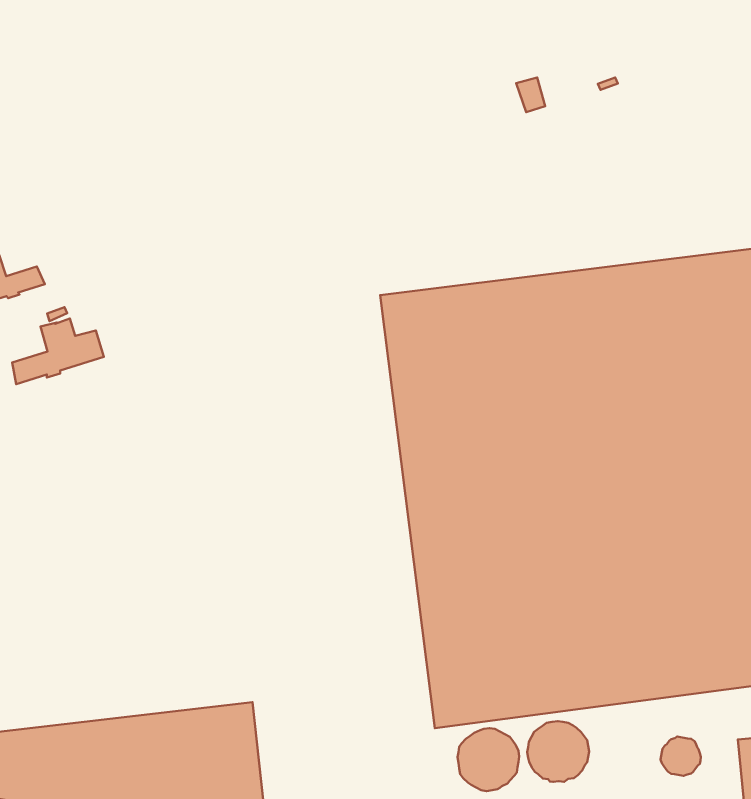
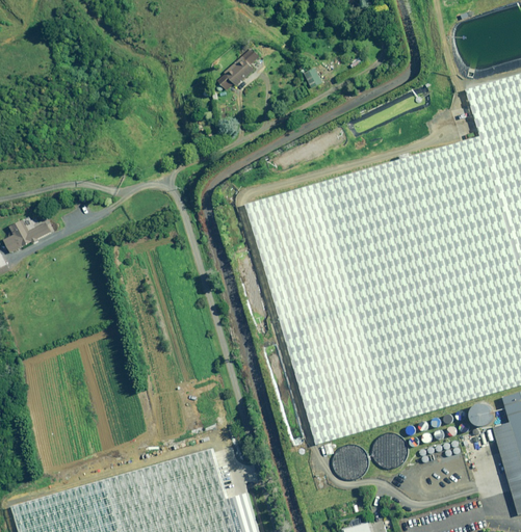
building: none -> [219,45,261,87]
building: [12,318,104,384] -> none
building: [661,737,701,776] -> [471,401,494,423]

